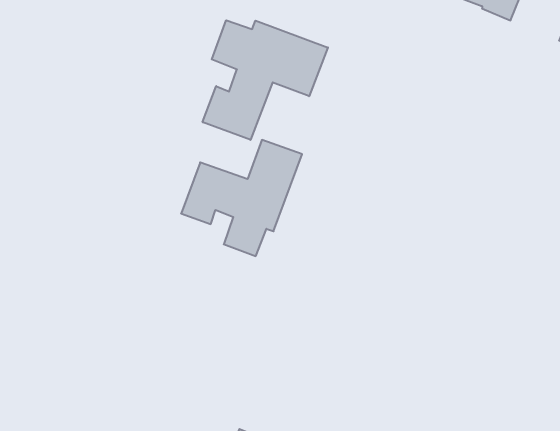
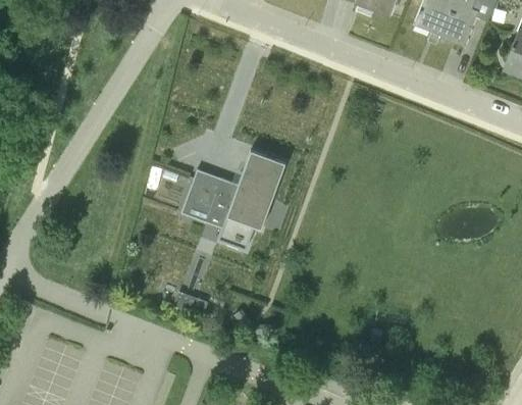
building: [203,20,328,140] -> none

